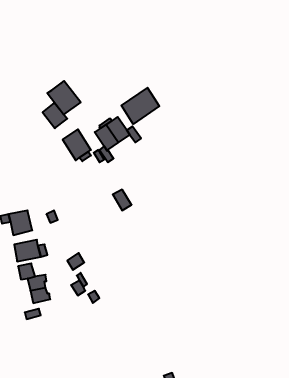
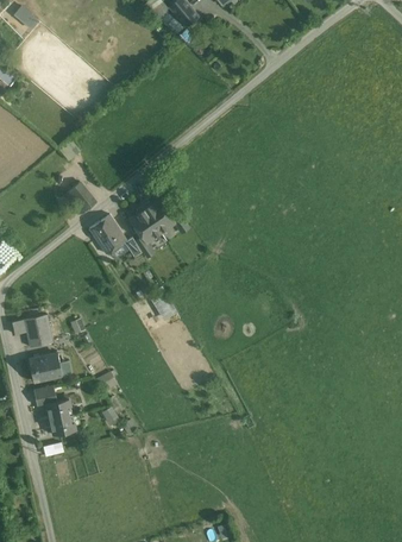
building: [47,81,81,114] -> none
building: [121,88,159,124] -> none

